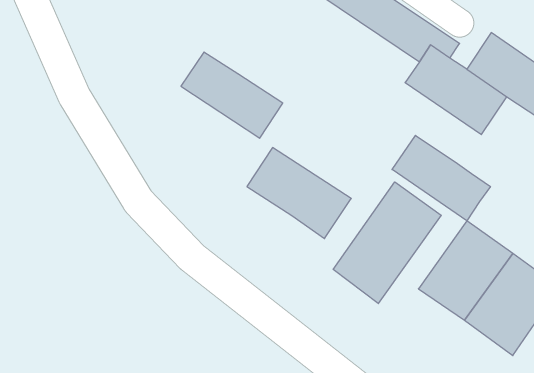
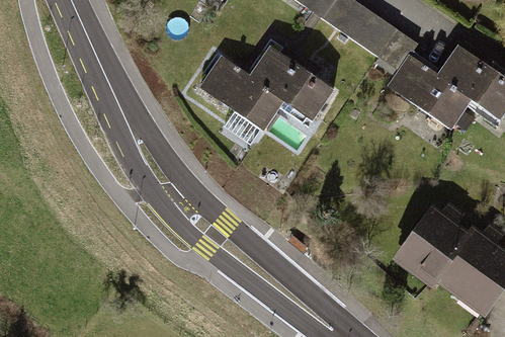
building: [392,135,490,221] -> none
building: [247,148,351,239] -> [247,46,334,121]
building: [333,182,441,304] -> none

